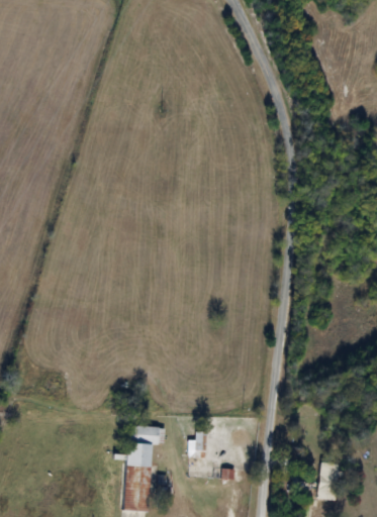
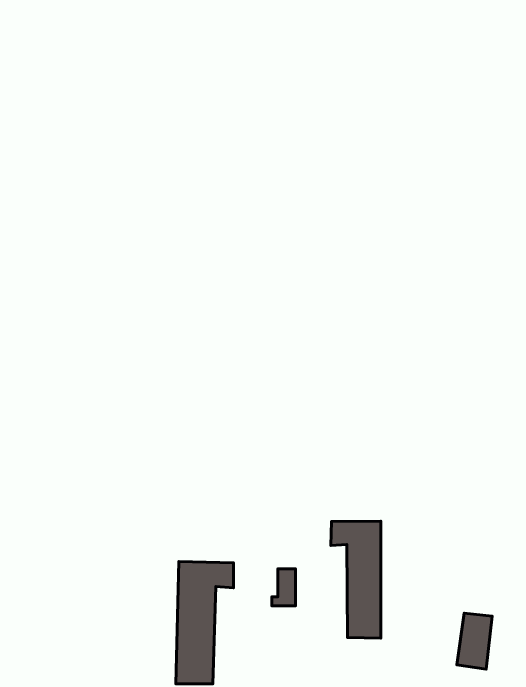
building: none -> [331,521,381,638]

